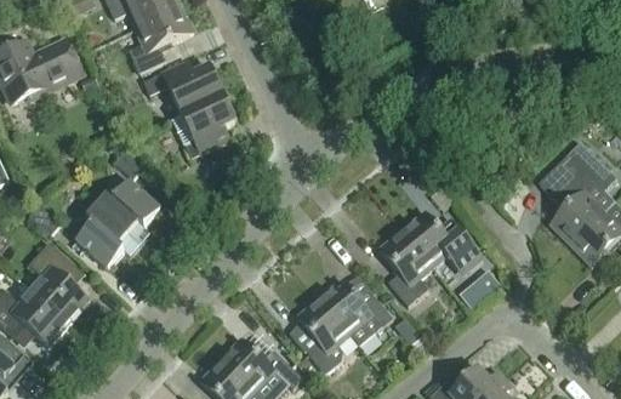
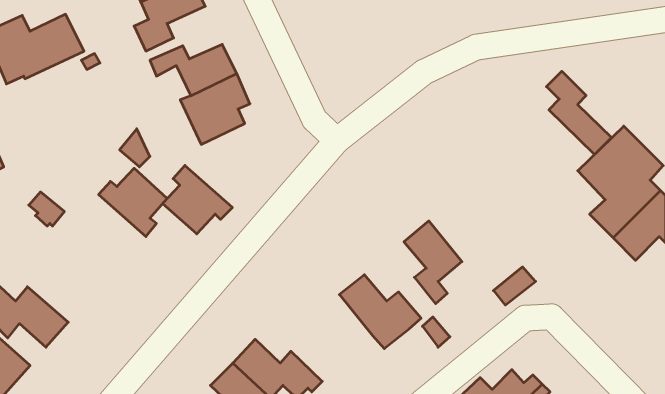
building: none -> [546,71,611,154]
building: [75,205,139,268] -> [163,165,232,234]
building: [400,211,480,274] -> none
building: [28,241,89,323] -> none
building: [296,297,348,374] -> none

